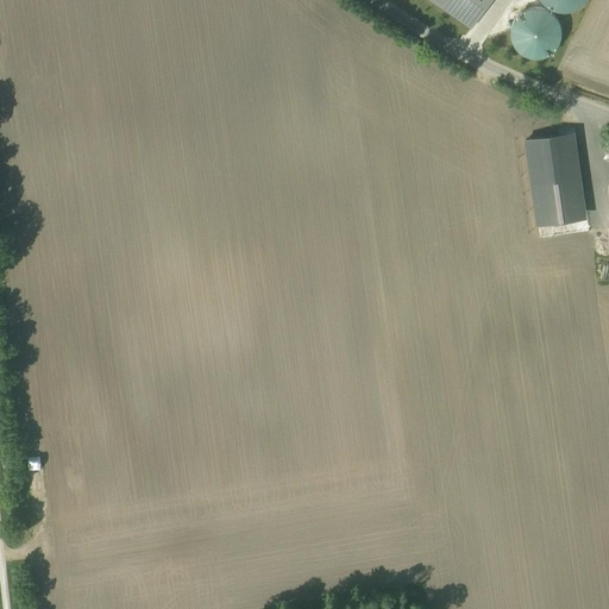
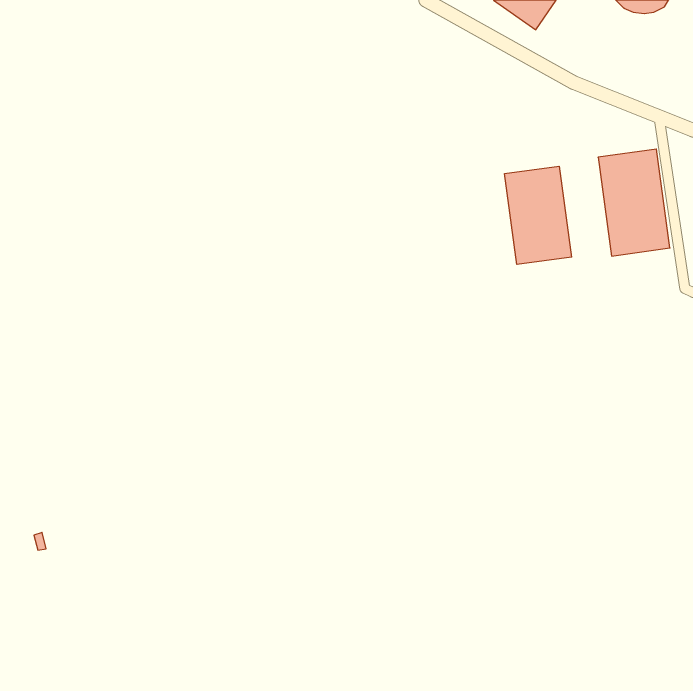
building: [511,8,560,57] -> none
building: none -> [505,166,572,264]

